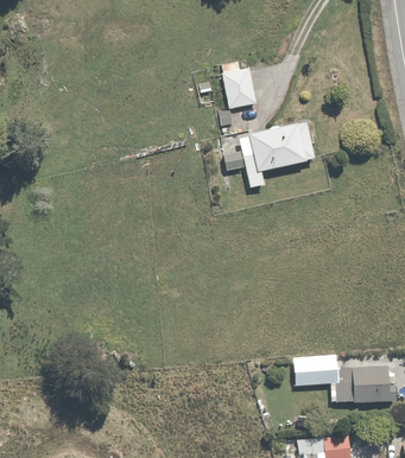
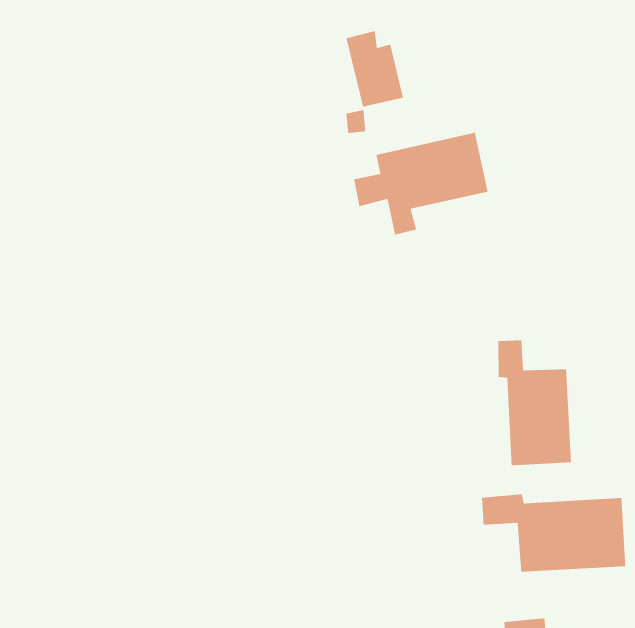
building: none -> [497,339,572,466]

